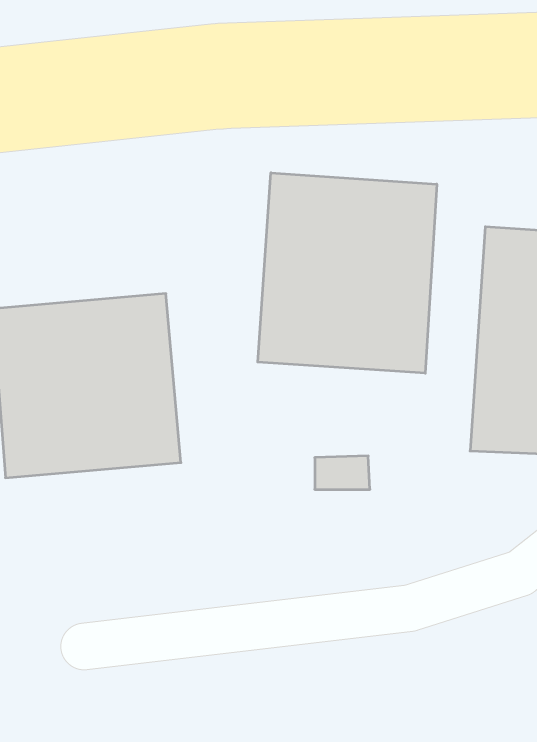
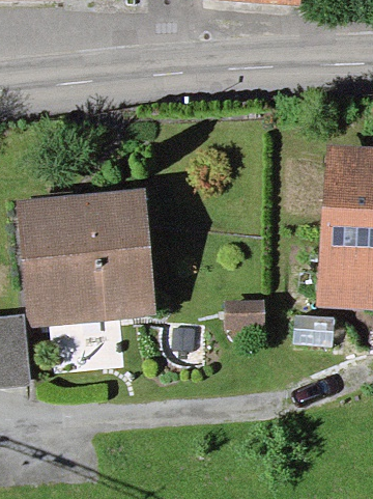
building: [258,173,437,373] -> none

